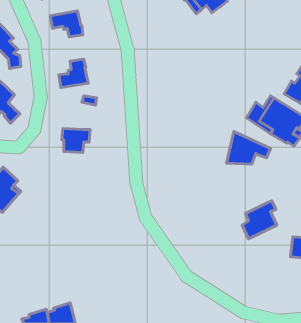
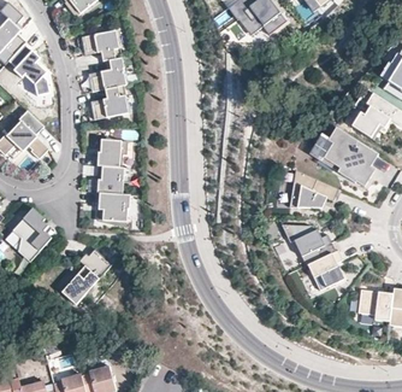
building: none -> [91,58,125,90]
building: none -> [97,138,128,166]
building: none -> [94,192,130,221]
building: none -> [294,229,335,264]
building: none -> [61,248,112,305]

